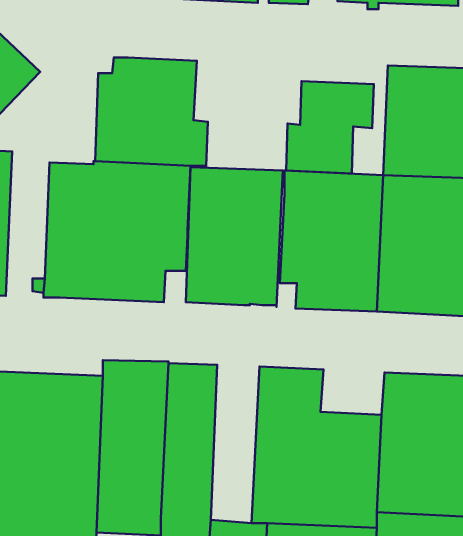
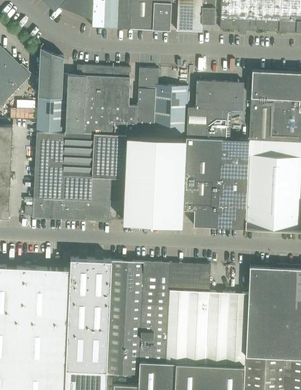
building: none -> [37,56,63,133]
building: none -> [136,68,188,138]
building: none -> [139,262,170,363]

